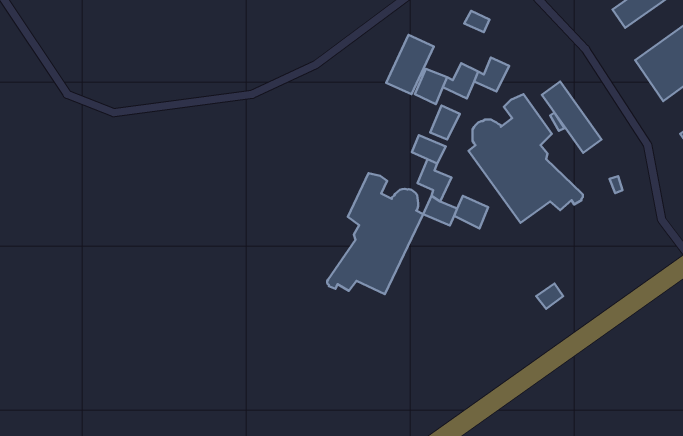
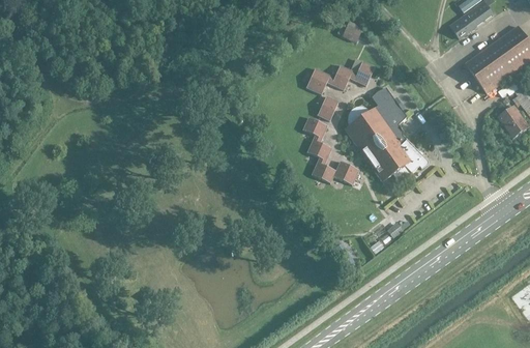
building: [386,35,434,94] -> none
building: [542,81,602,153] -> none
building: [327,173,423,294] -> none

